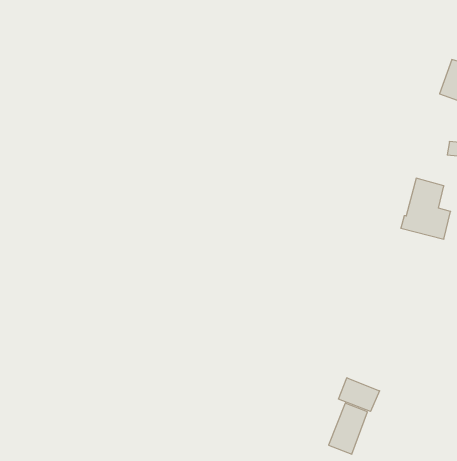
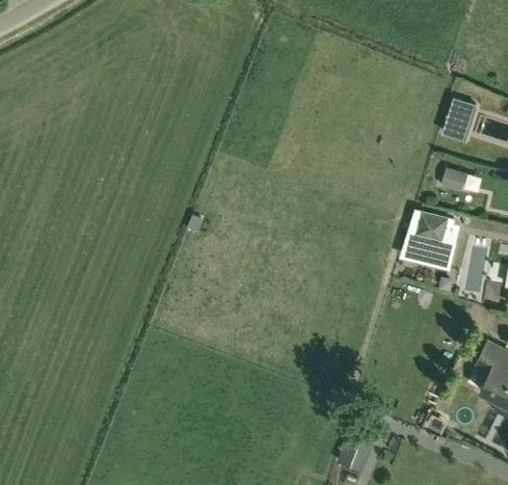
building: [338,378,380,411] -> none

